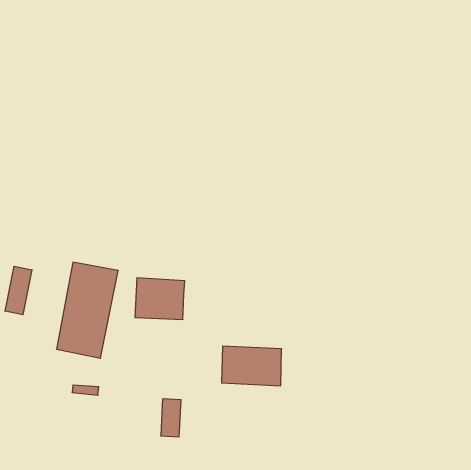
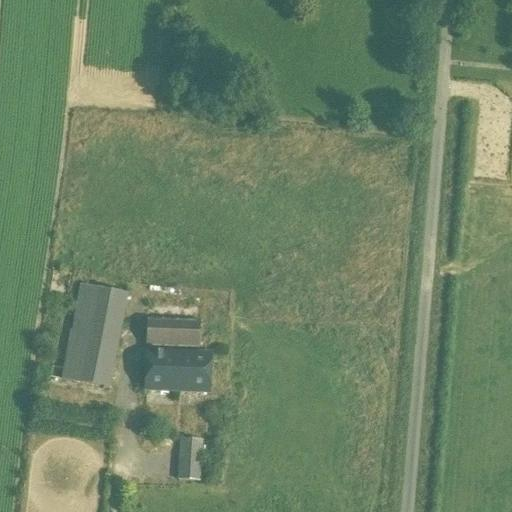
building: [5,266,32,315] -> none
building: [222,346,282,386] -> [146,349,211,392]

